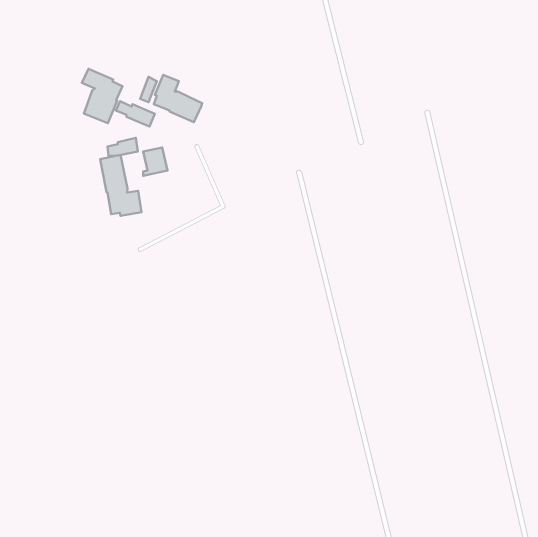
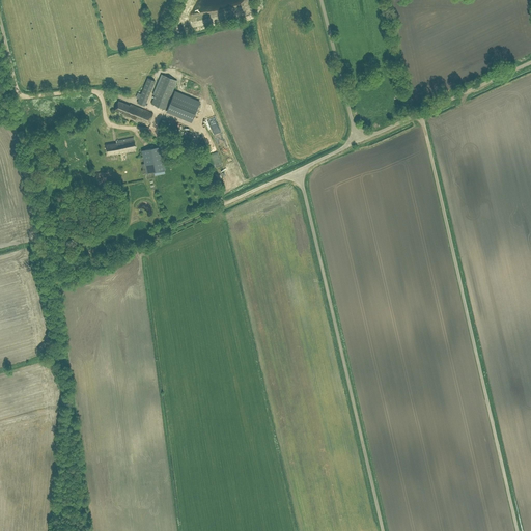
building: [82,69,123,123] -> none
building: [100,155,142,216] -> none

